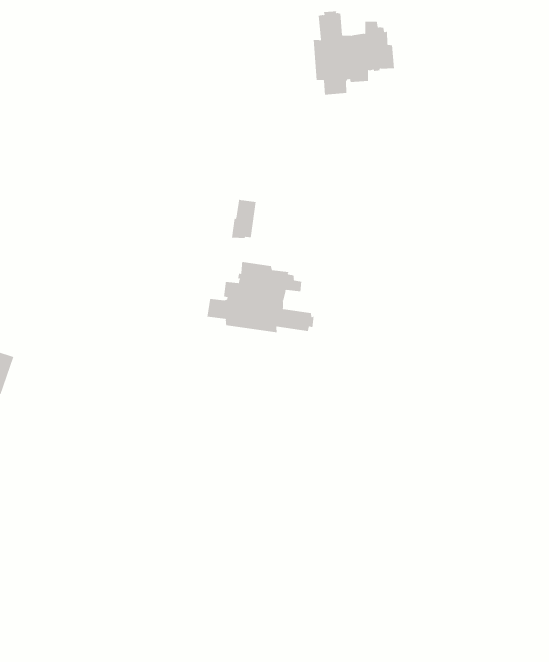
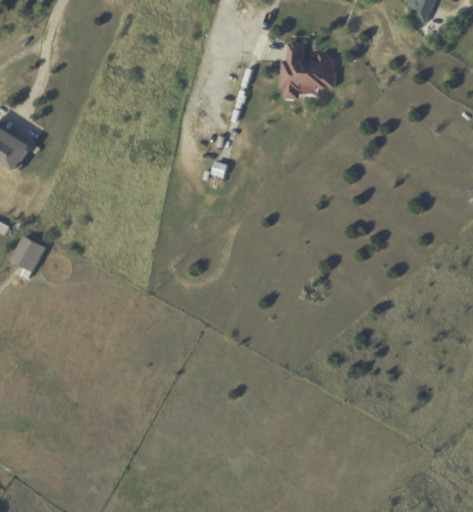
building: [207,261,314,333] -> none

